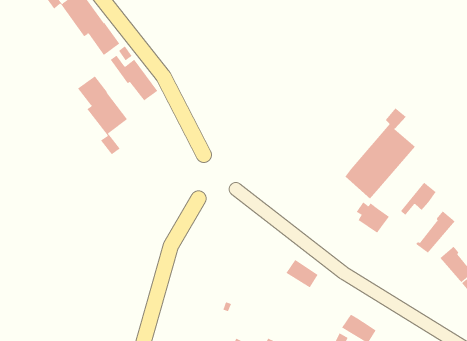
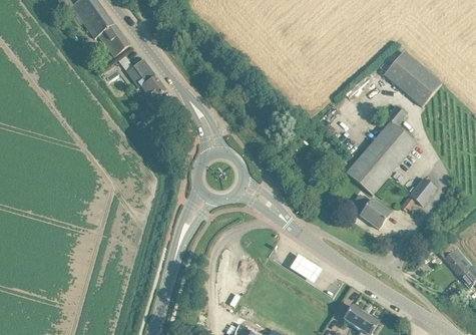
building: none -> [384,52,441,106]
building: [77,76,128,155] -> none
building: [415,210,455,254] -> none

